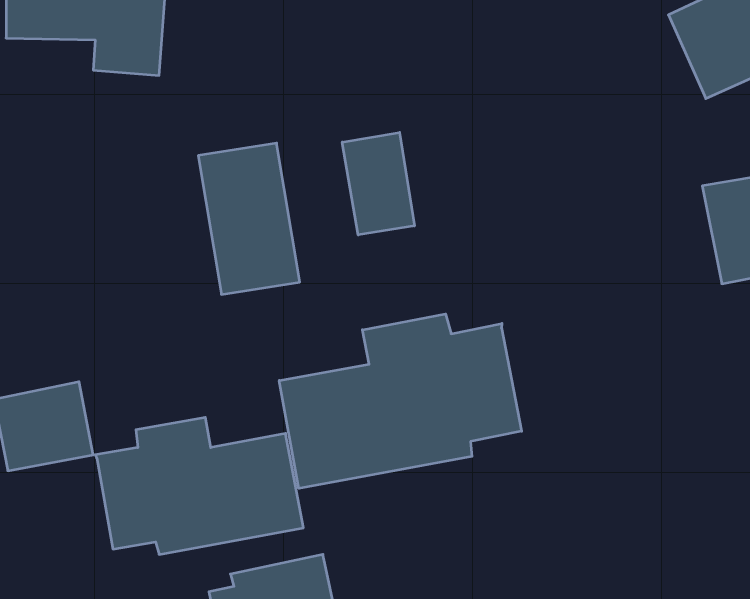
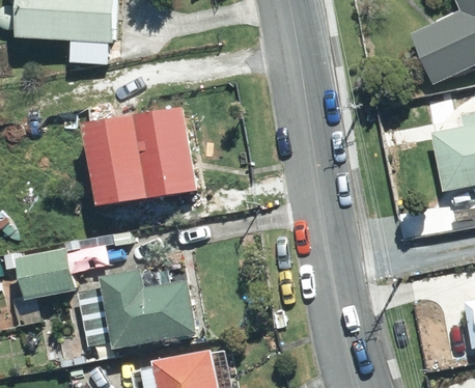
building: [342,132,414,235] -> none
building: none -> [84,116,149,206]
building: [279,314,522,488] -> none

